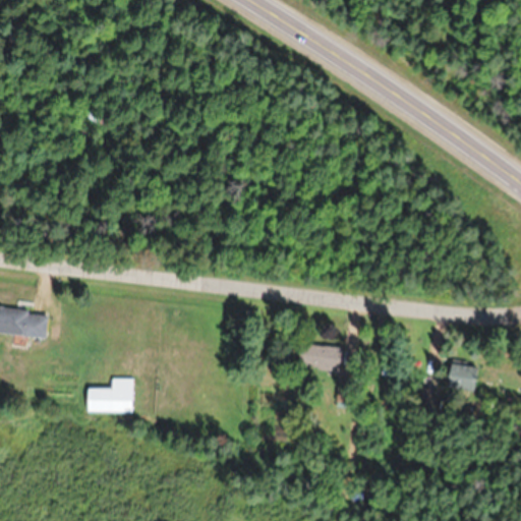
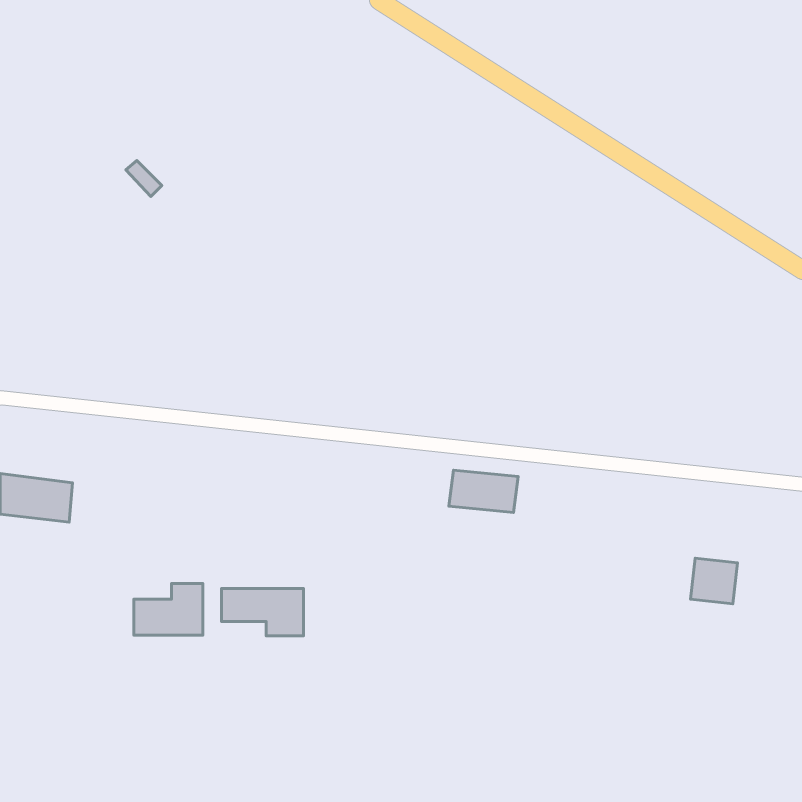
building: [297,344,342,371] -> [449,470,518,513]
building: none -> [221,588,304,636]

